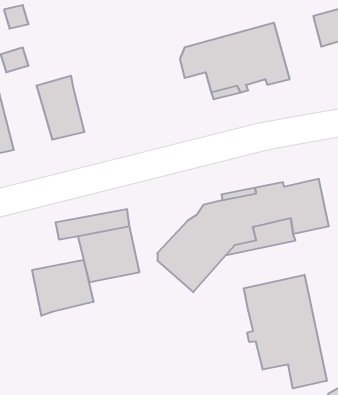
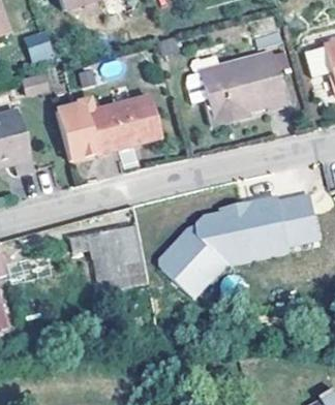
building: none -> [86,95,160,152]
building: [32,260,93,316] -> none
building: [244,275,327,389] -> none

